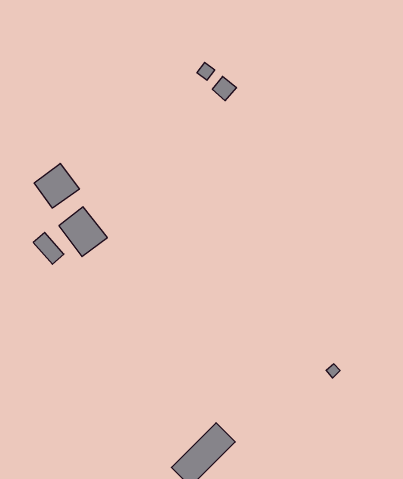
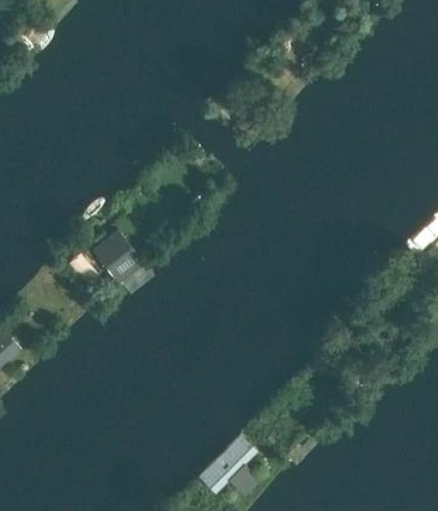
building: [34,163,79,208] -> none

